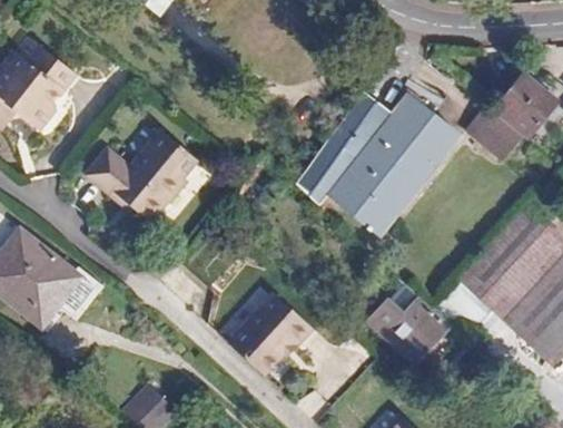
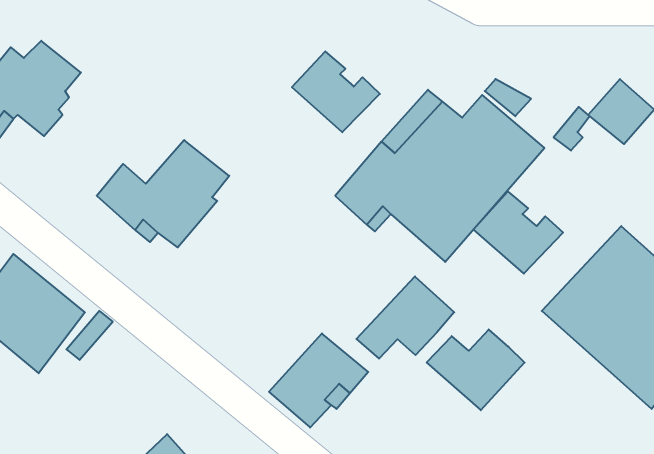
building: none -> [292,51,380,132]
building: [486,113,533,163] -> none
building: none -> [473,191,563,274]
building: none -> [356,276,454,359]

